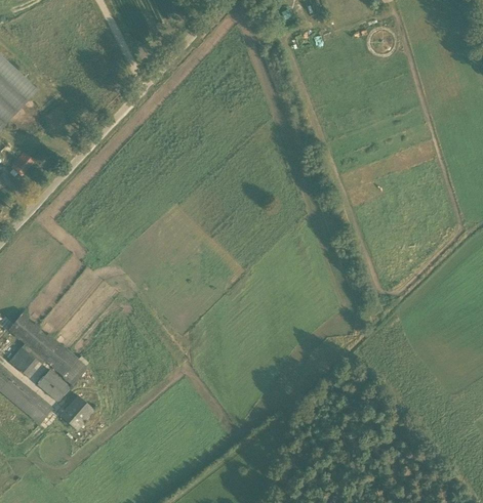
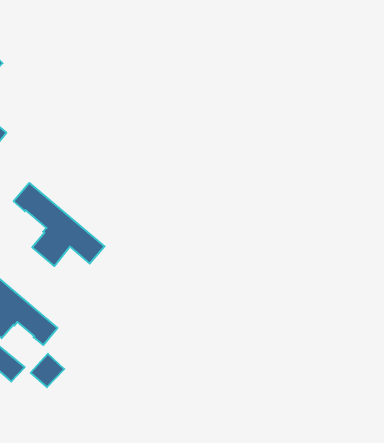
building: none -> [14,183,105,266]
building: [36,367,70,402] -> none

